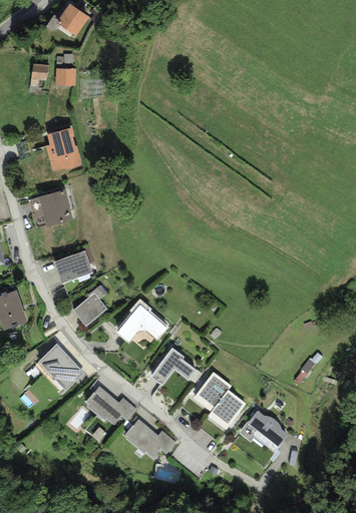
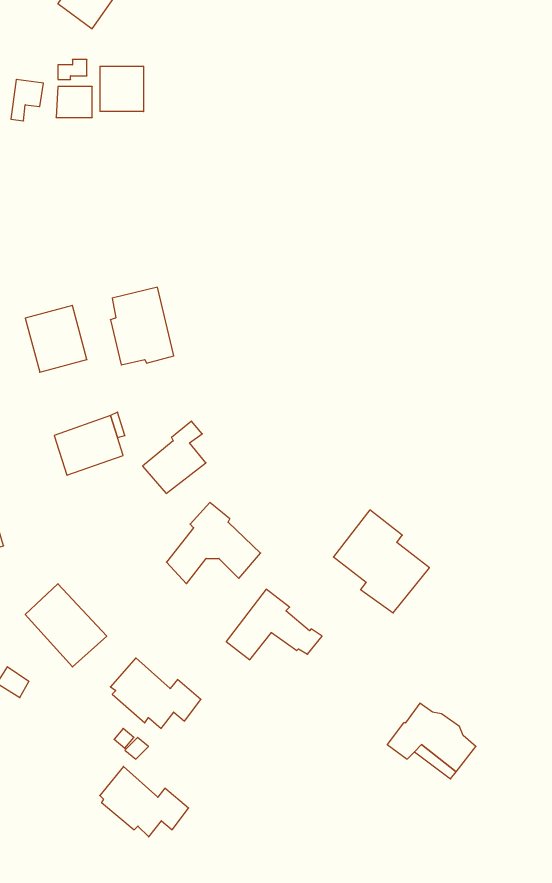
building: none -> [100,66,144,112]
building: [46,127,81,170] -> [110,287,174,365]
building: [72,286,107,326] -> [143,421,206,493]
building: [193,372,246,429] -> [333,510,429,613]
building: [125,418,174,457] -> [100,766,189,837]

